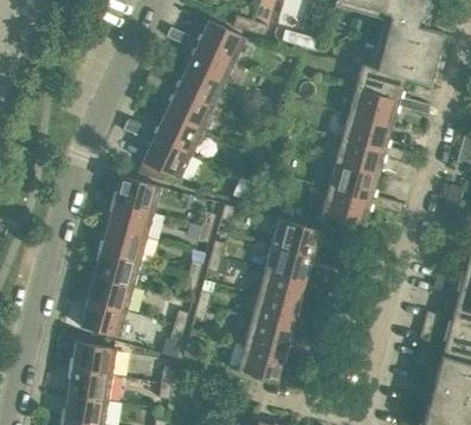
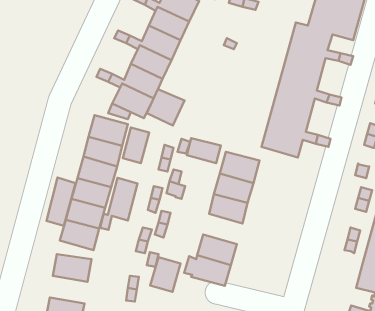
building: none -> [147,89,185,125]
building: none -> [123,127,149,163]
building: none -> [187,138,221,163]
building: none -> [47,178,76,226]
building: none -> [100,178,138,230]
building: [251,294,298,330] -> none
building: none -> [150,257,181,292]
building: [67,368,112,401] -> none

